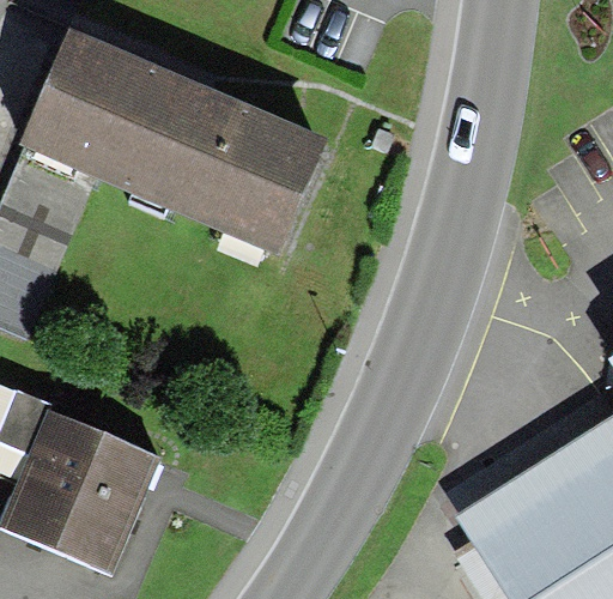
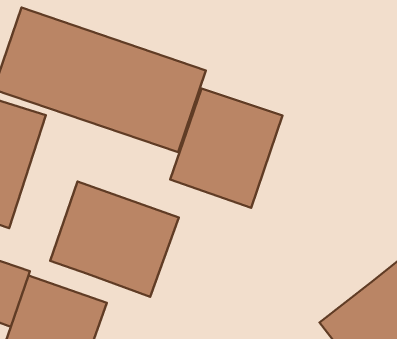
building: none -> [170,89,283,208]
building: none -> [50,182,179,297]

